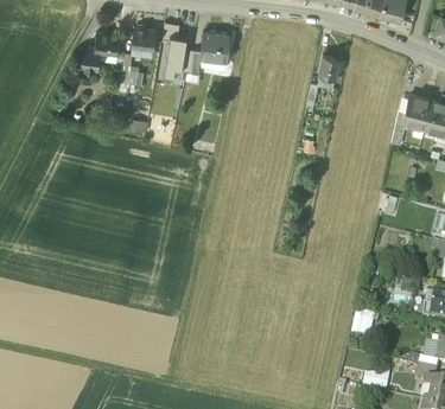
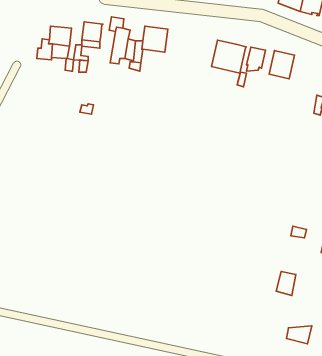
building: none -> [211,40,246,73]
building: none -> [269,50,295,79]

